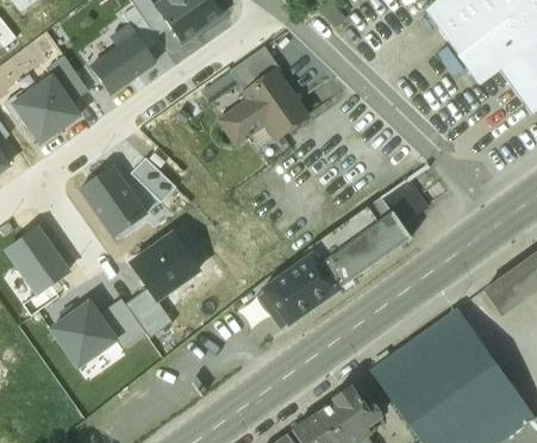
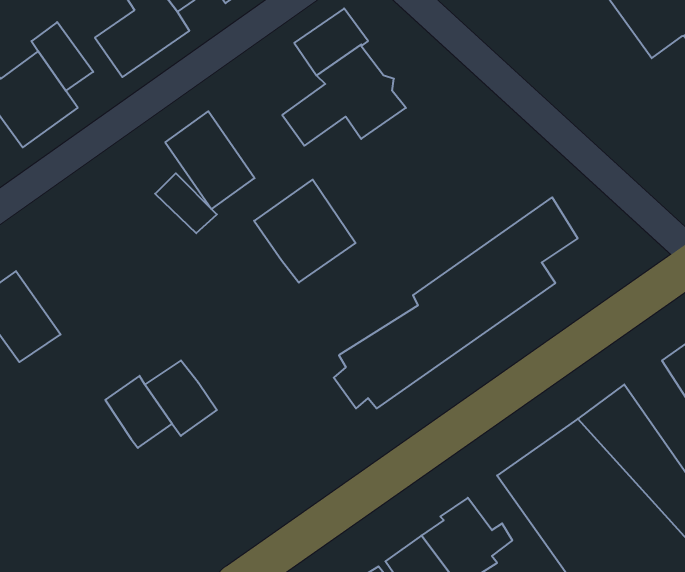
building: [82,170,144,238] -> [165,111,255,209]
building: [131,235,201,306] -> [254,180,356,283]
building: [54,308,115,370] -> none

